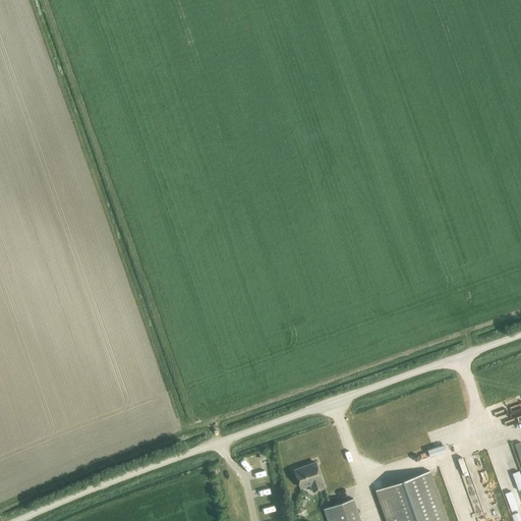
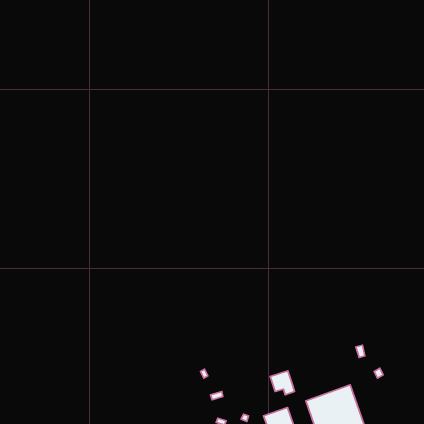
building: [293,463,323,493] -> [270,371,294,395]

